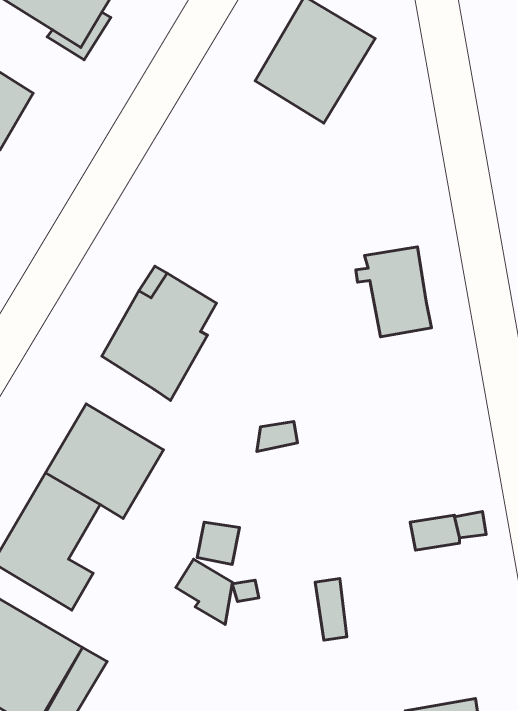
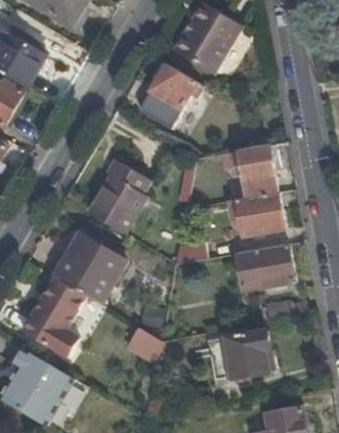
building: none -> [139,64,203,128]
building: none -> [235,192,284,236]
building: none -> [234,244,294,292]
building: none -> [225,329,270,379]

